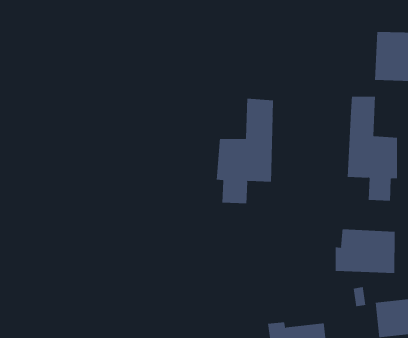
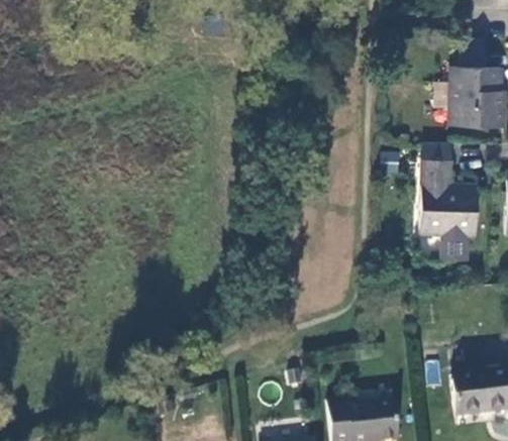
building: [216,98,273,204] -> none
building: [335,229,395,274] -> none

